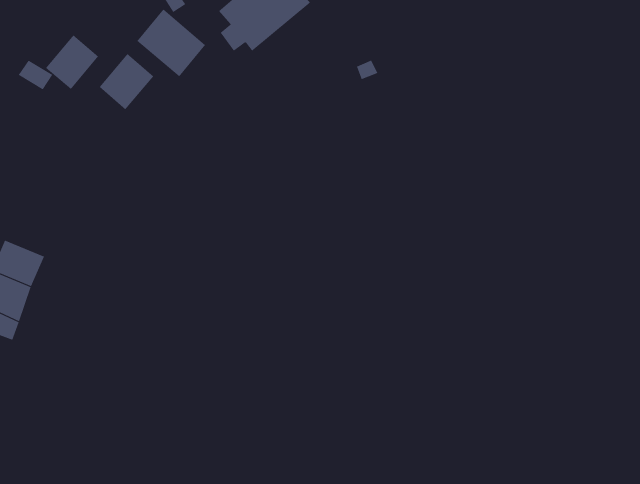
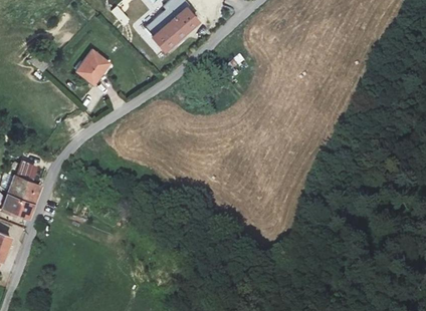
building: [137,9,206,77] -> none
building: [45,34,99,90] -> none

